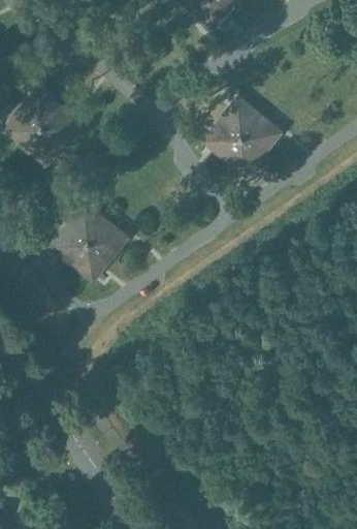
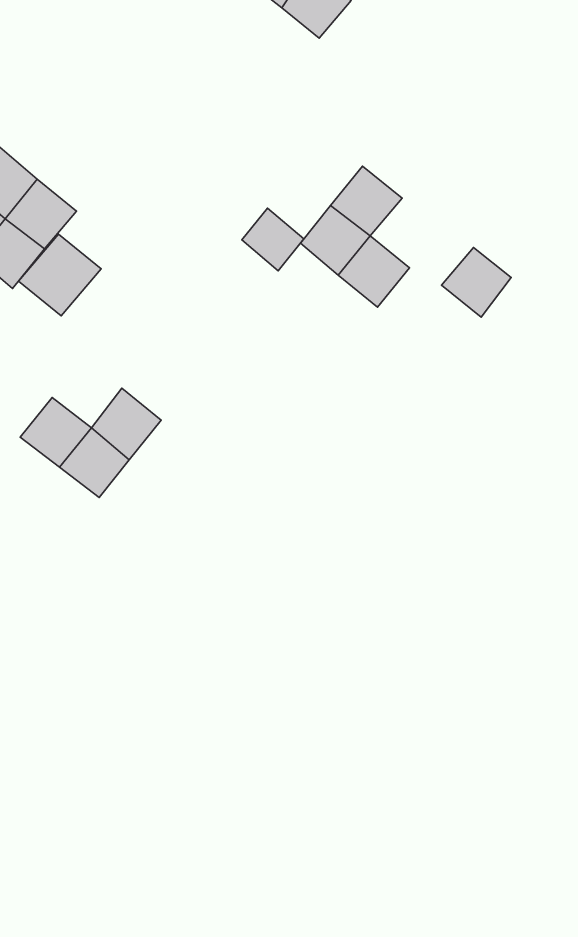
building: [240,116,279,154] -> [442,247,511,317]
building: none -> [242,208,304,271]
building: none -> [18,234,101,316]
building: [66,204,104,242] -> none

